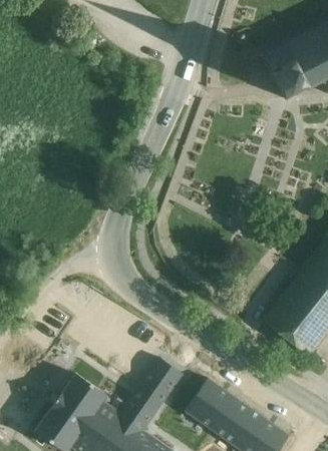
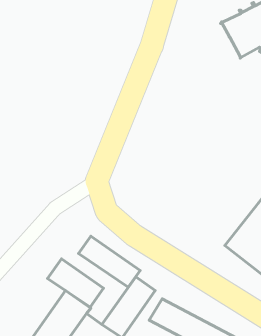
building: none -> [78,236,140,287]
building: none -> [47,259,104,307]

